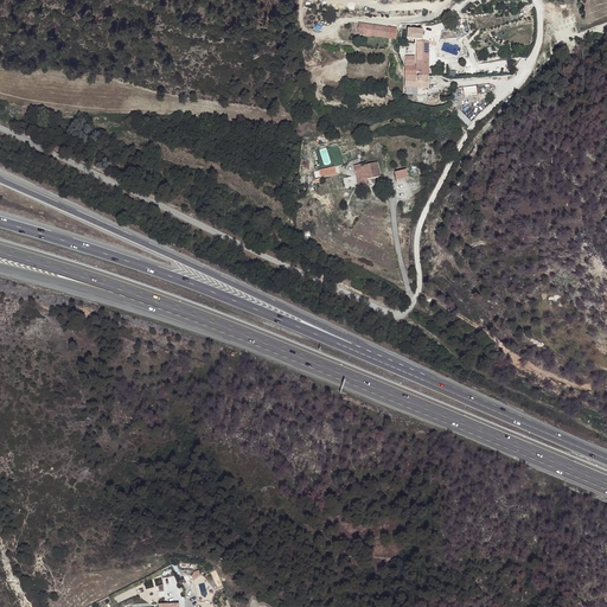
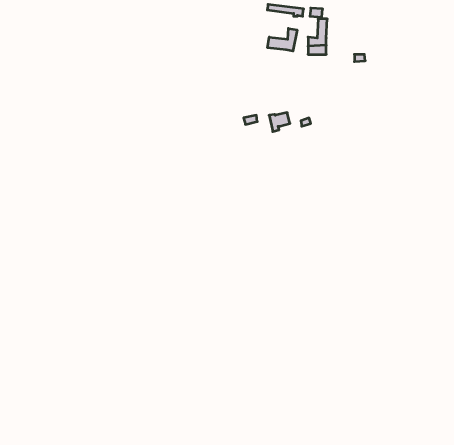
building: none -> [268,28,297,51]

